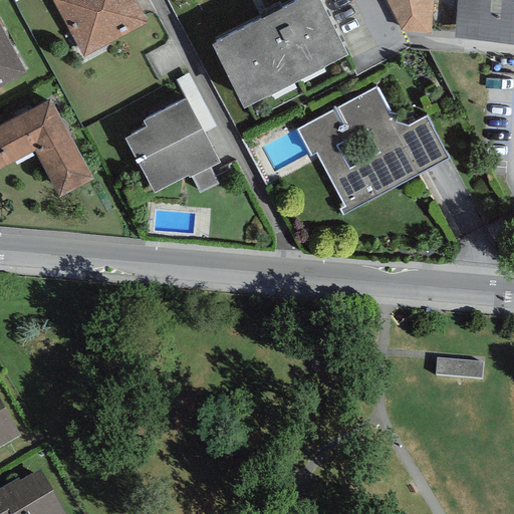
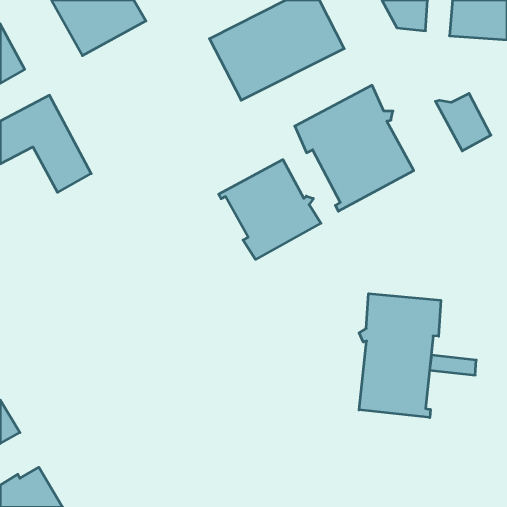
building: [124,95,220,191] -> none
building: [392,114,448,173] -> [435,93,491,151]
building: none -> [219,160,321,259]
building: none -> [359,294,441,418]

